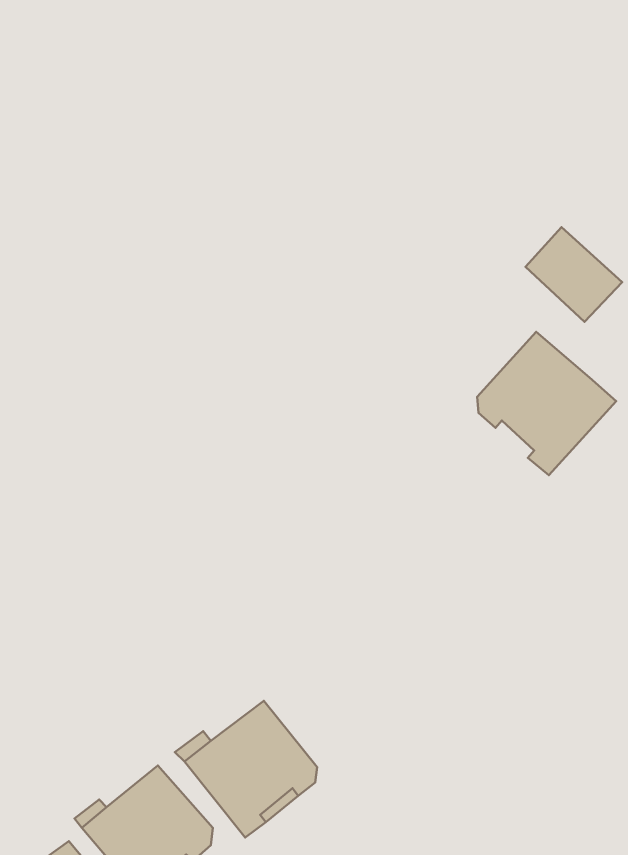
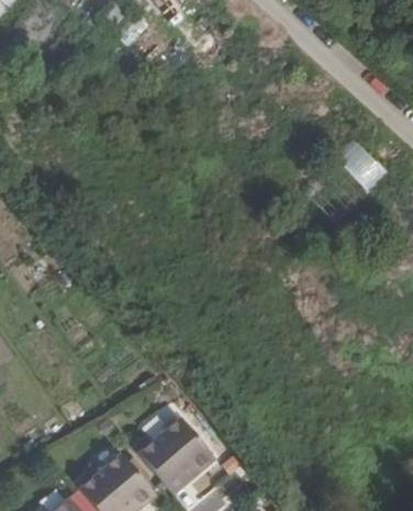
building: [477,332,616,475] -> none

